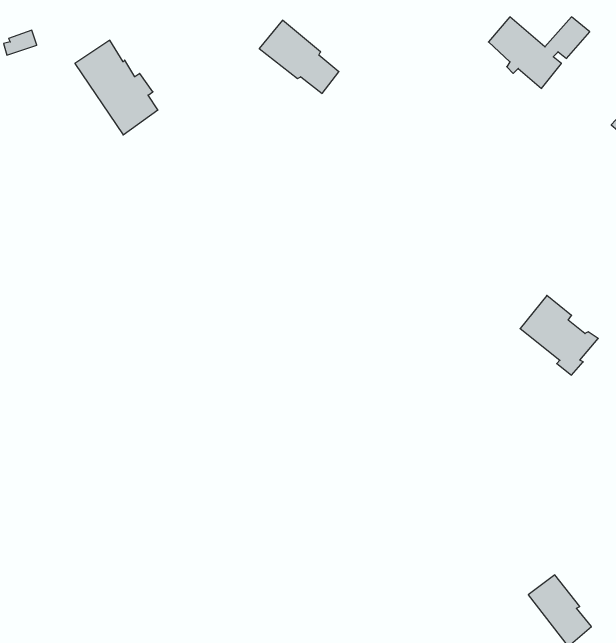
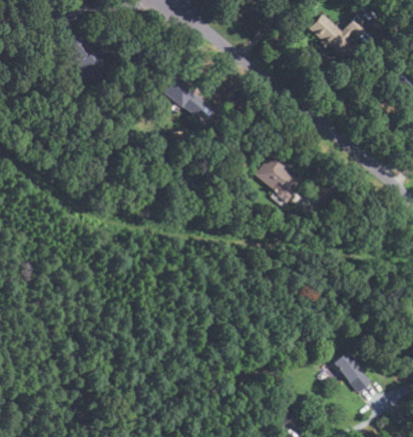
building: [259,20,339,93] -> [157,72,205,116]
building: [520,295,598,375] -> [255,155,302,203]

